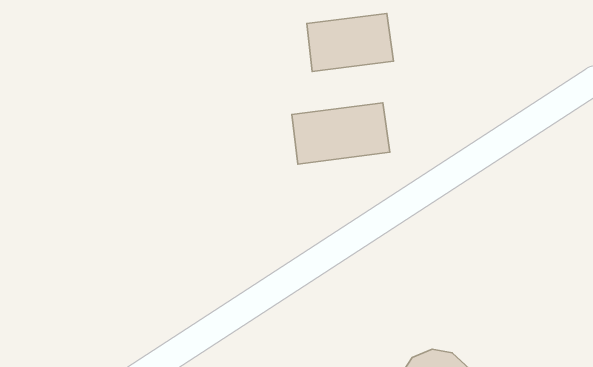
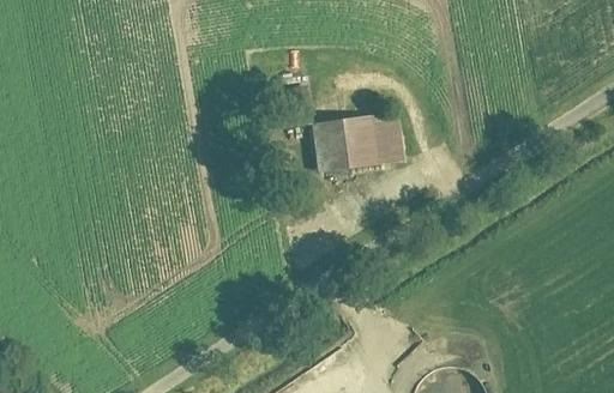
building: [307,13,393,72] -> none

